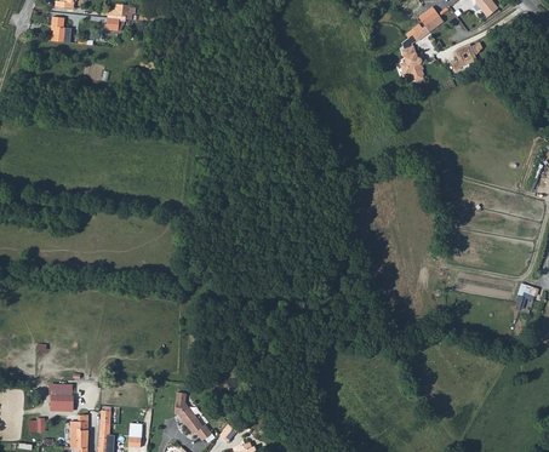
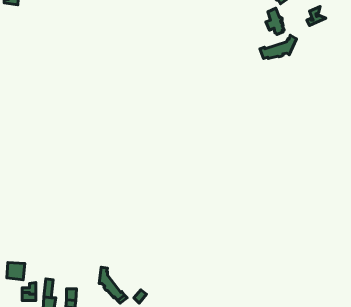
building: none -> [260,35,297,59]

